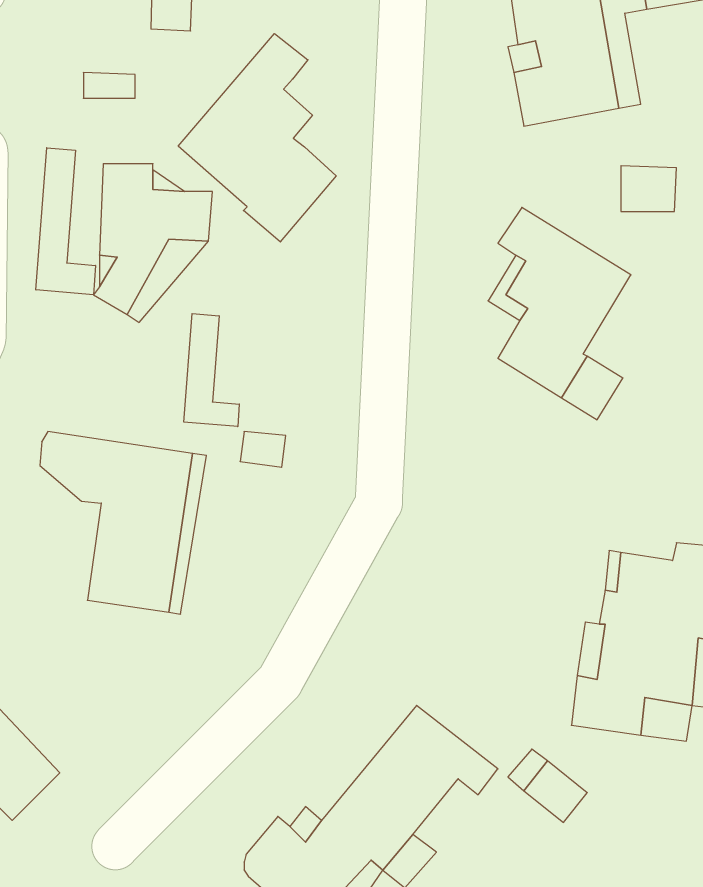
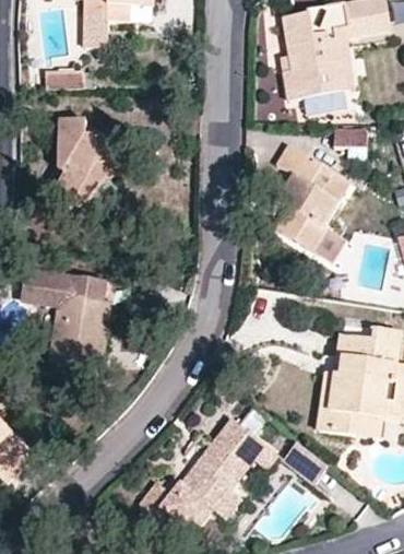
building: [178,34,336,242] -> none
building: [36,148,95,295] -> none
building: [184,314,239,427] -> none

